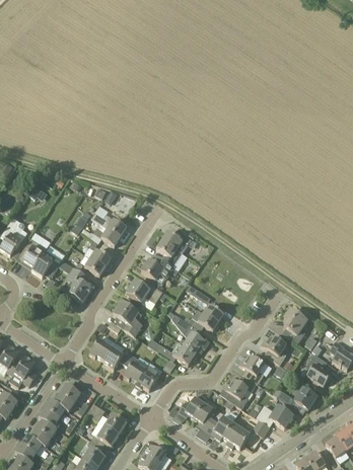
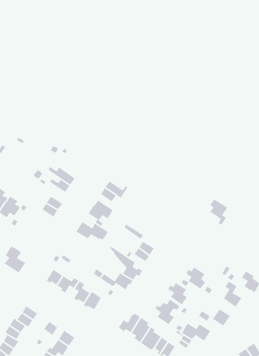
building: [65,266,92,301] -> [4,246,26,274]
building: [114,301,143,335] -> none
building: [284,309,307,342] -> [209,199,228,226]

